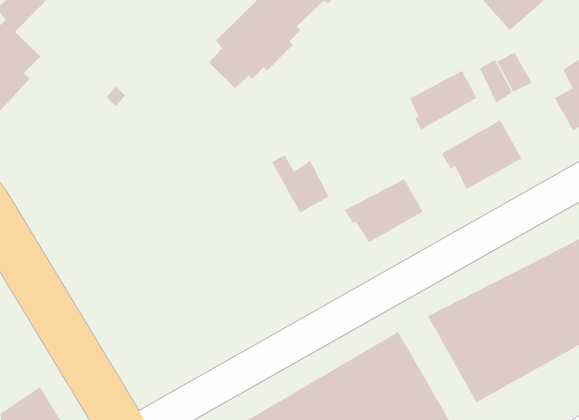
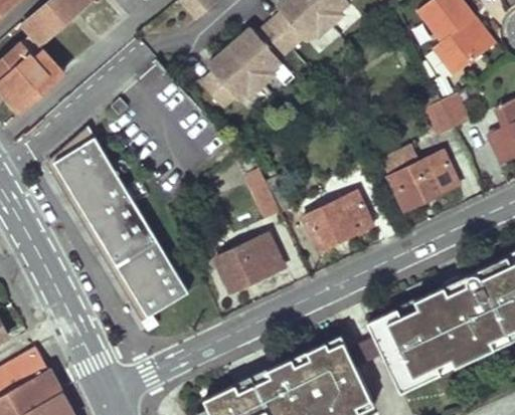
building: [409,70,477,131] -> none
building: none -> [45,130,189,329]
building: none -> [212,233,282,291]

